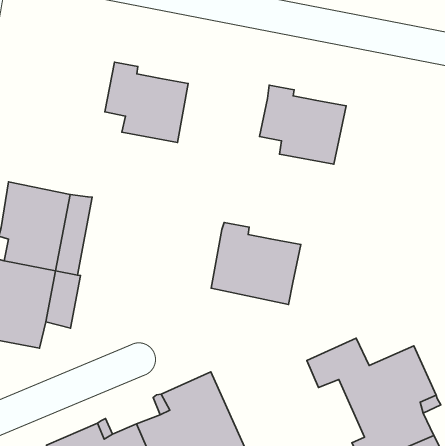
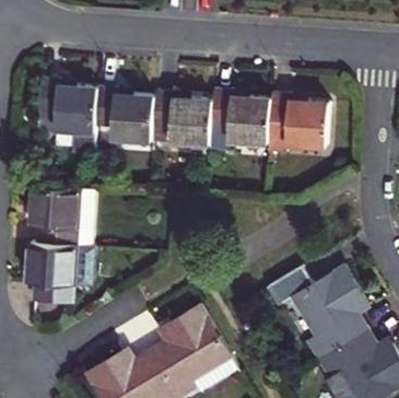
building: none -> [37,80,98,155]
building: none -> [268,94,329,152]
building: [211,222,301,304] -> [152,92,213,145]

